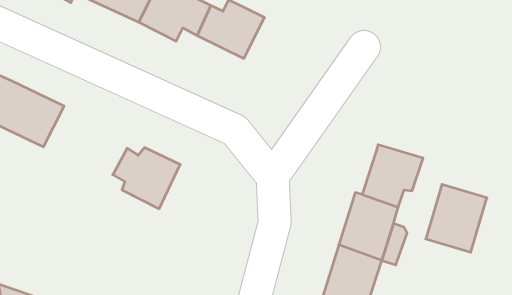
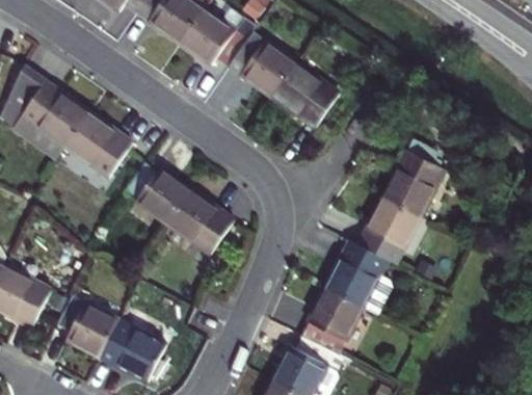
building: none -> [268,59,337,126]
building: none -> [64,111,132,177]
building: none -> [164,185,237,256]
building: [426,184,487,252] -> [381,149,446,217]

